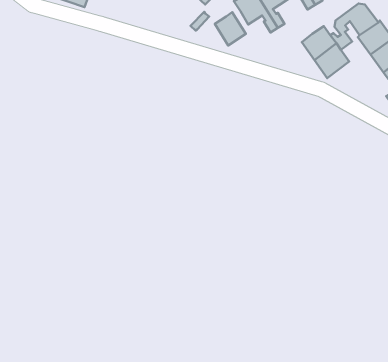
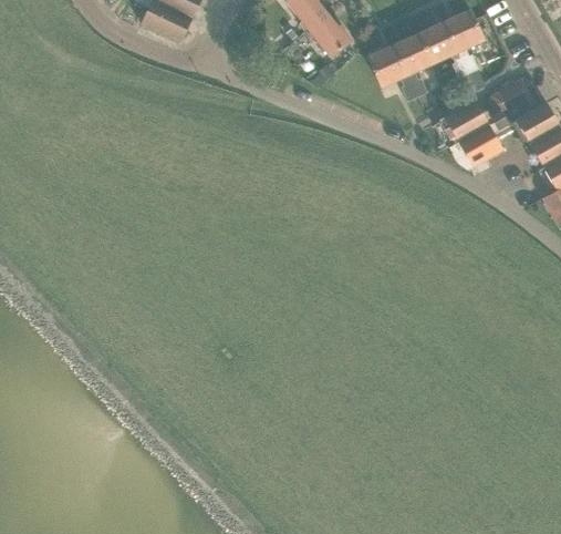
building: [215,12,246,46] -> none

